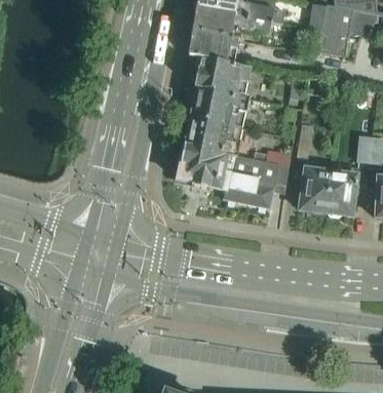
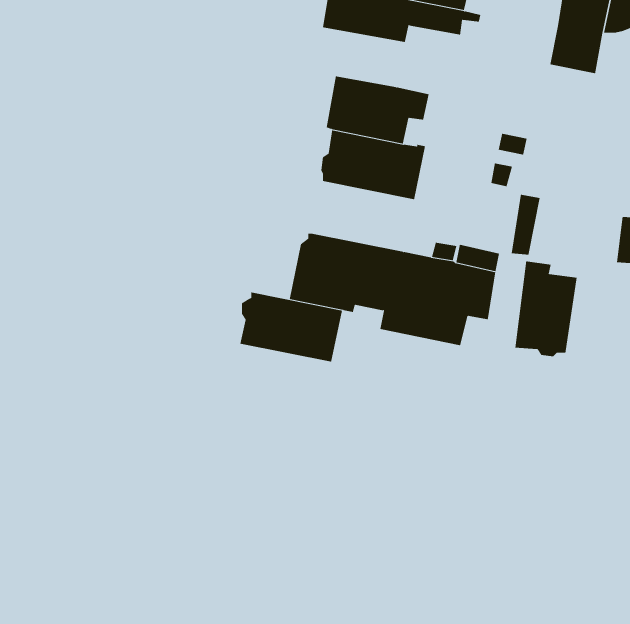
building: [188,31,238,64] -> none
building: [186,116,243,155] -> [239,292,343,362]
building: [328,165,357,215] -> none

